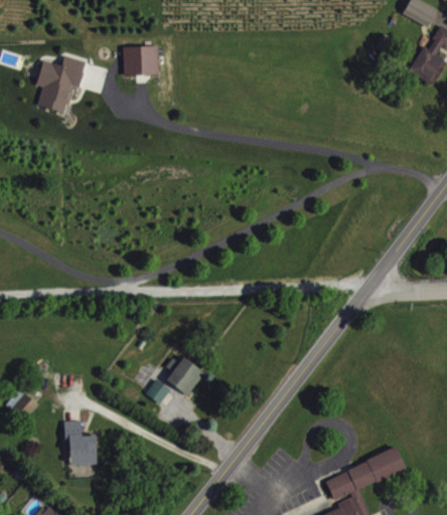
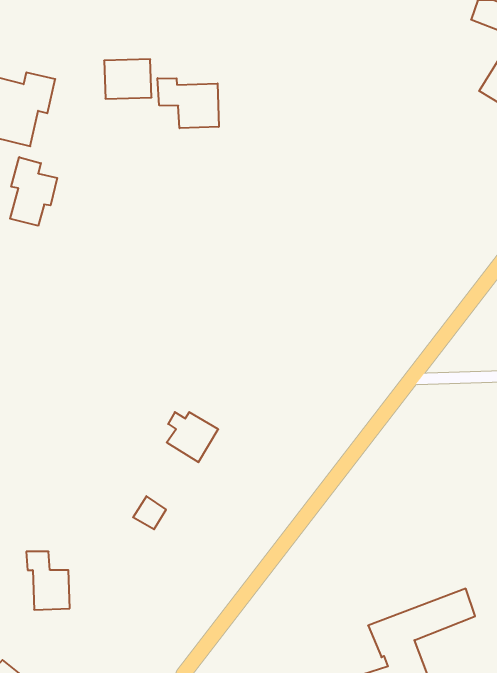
building: none -> [158,78,219,128]
building: none -> [10,157,57,226]
building: [165,358,204,396] -> [167,412,218,462]

